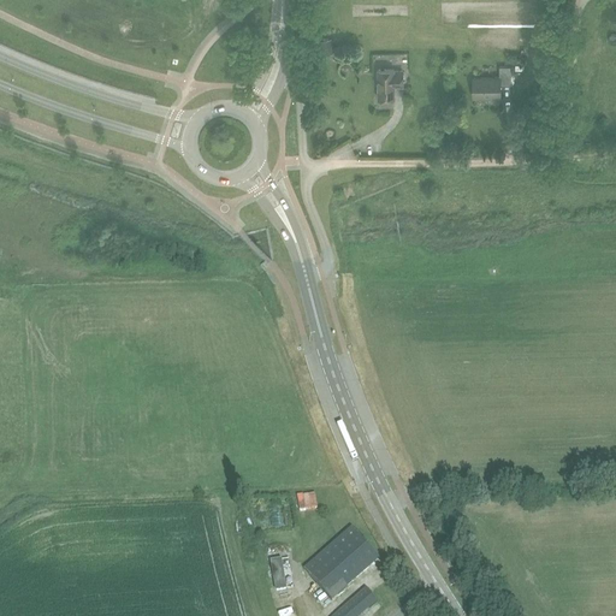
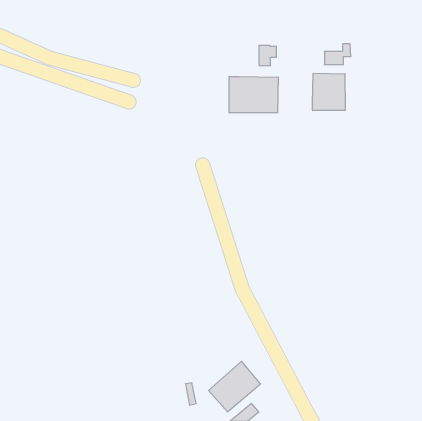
building: none -> [313,73,345,111]
building: none -> [229,76,278,113]

